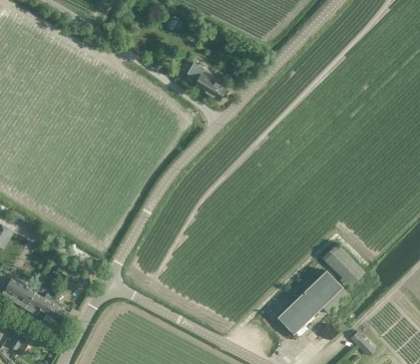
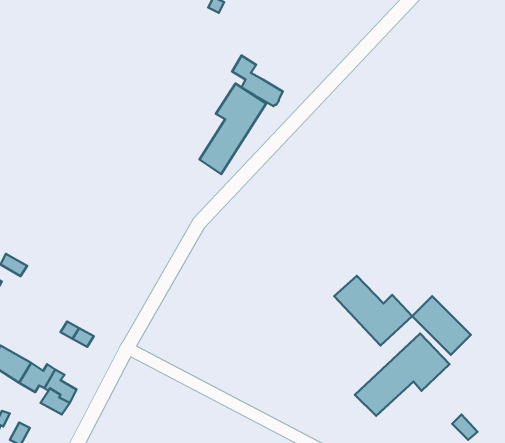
building: none -> [200,83,266,174]
building: none -> [334,276,412,346]

